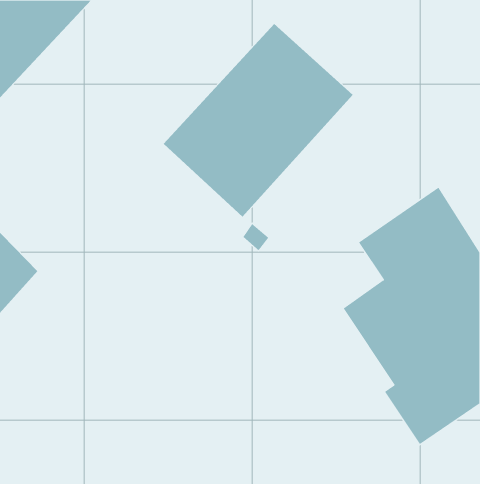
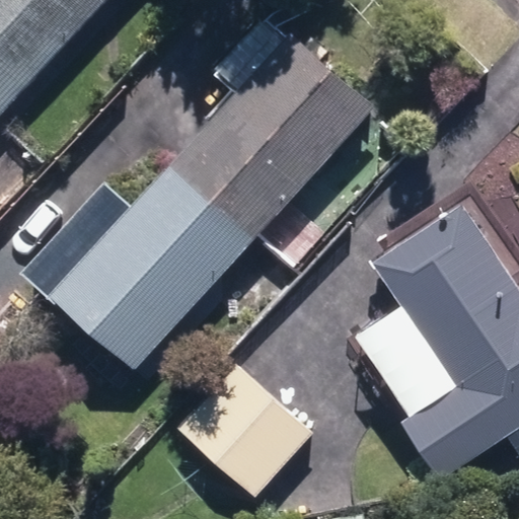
building: none -> [56,161,256,368]
building: none -> [171,365,303,496]

